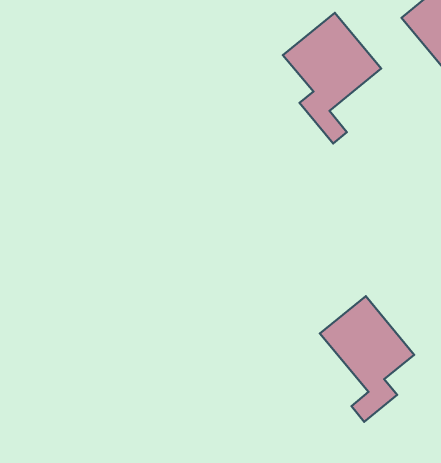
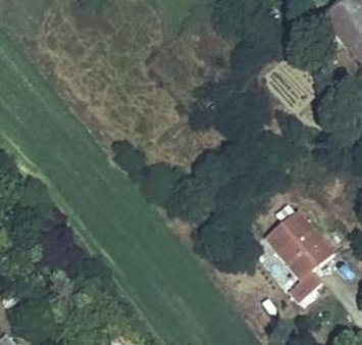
building: [283,13,381,143] -> none

